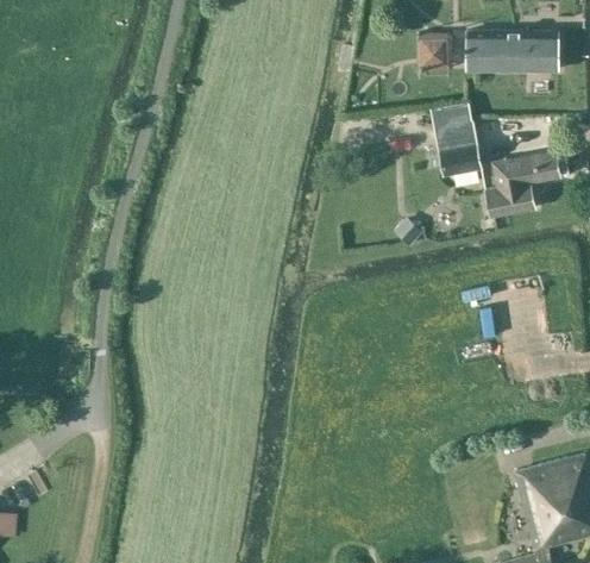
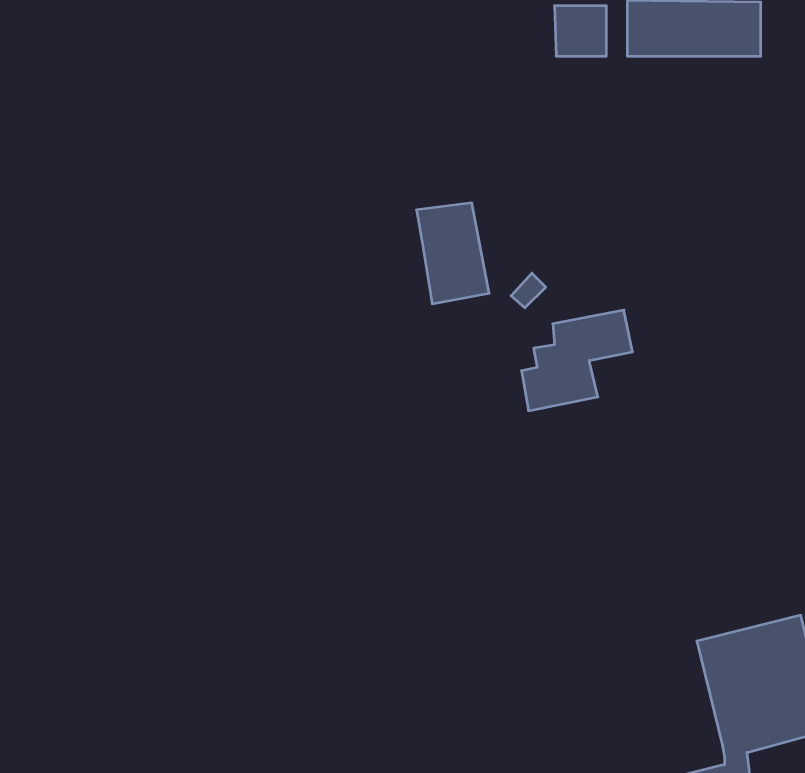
building: [432,107,482,176] -> [416,203,489,304]
building: [484,150,560,219] -> [521,310,633,411]

